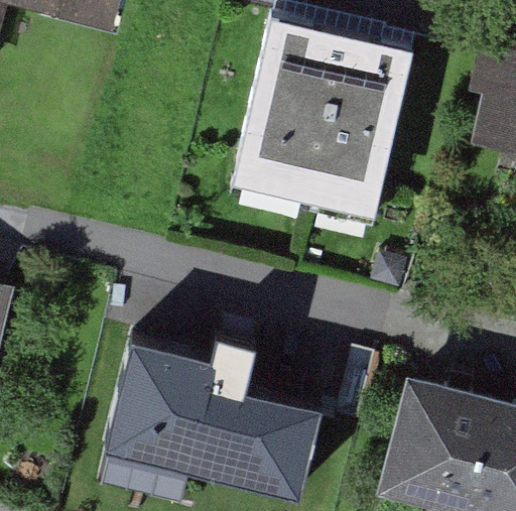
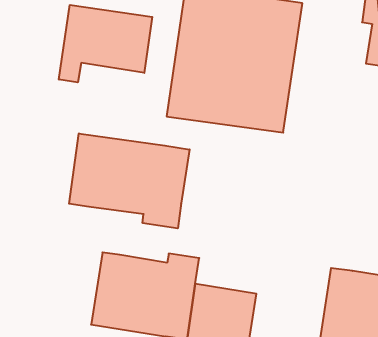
building: none -> [59,5,152,82]
building: none -> [69,133,190,228]

